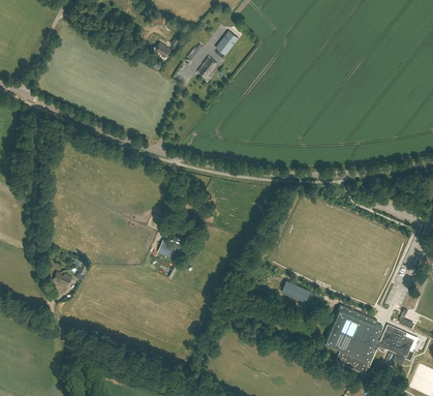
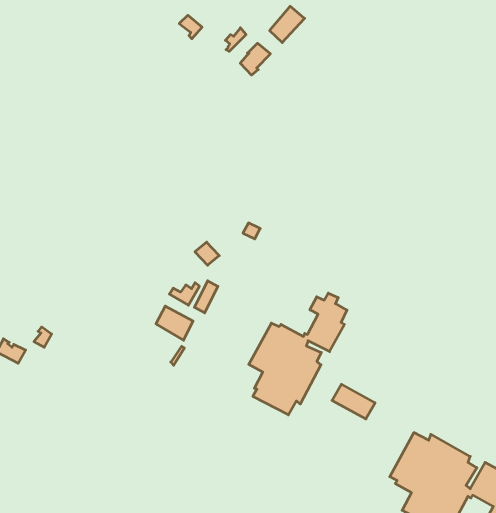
building: none -> [249,293,347,415]

